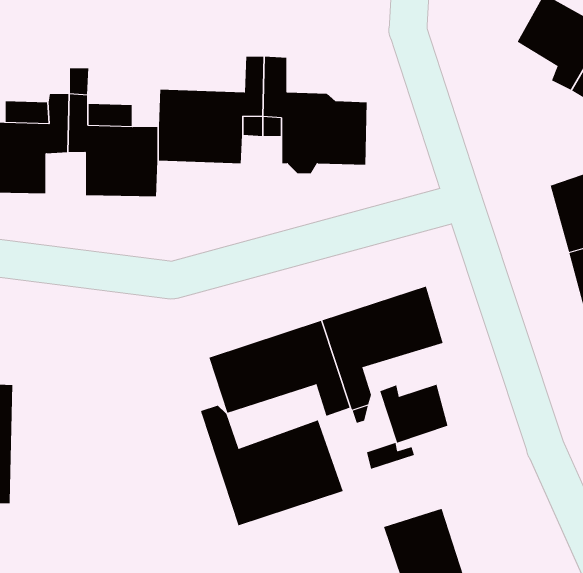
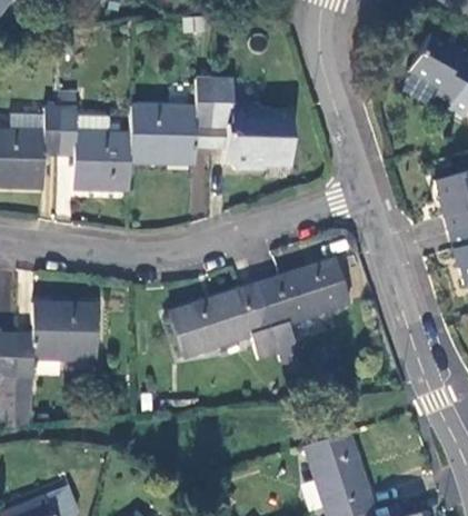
building: none -> [16,304,98,427]
building: [379,384,448,444] -> none
building: [201,405,344,526] -> none

